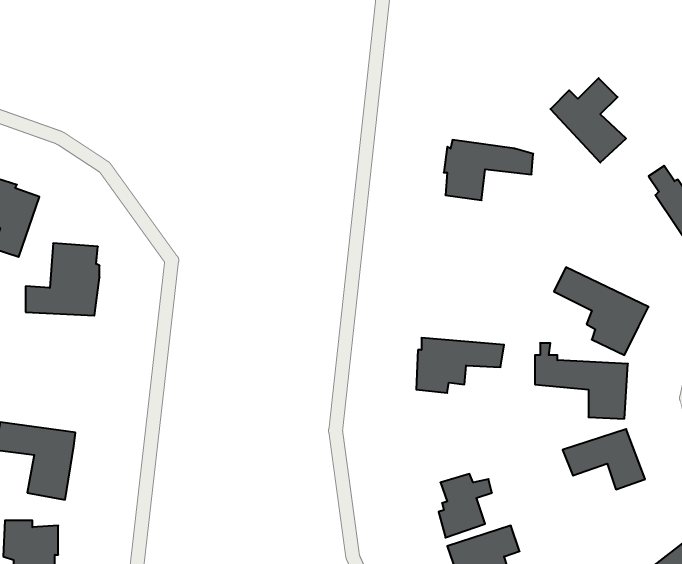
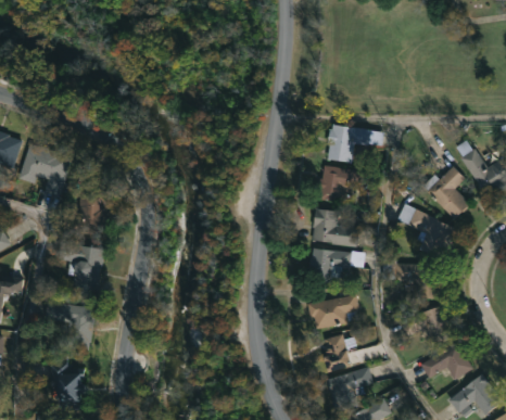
building: [550,78,626,163] -> [422,166,470,219]
building: none -> [318,166,366,203]
building: none -> [312,207,359,246]
building: none -> [60,243,103,291]
building: none -> [307,294,360,330]
building: none -> [420,341,472,380]

